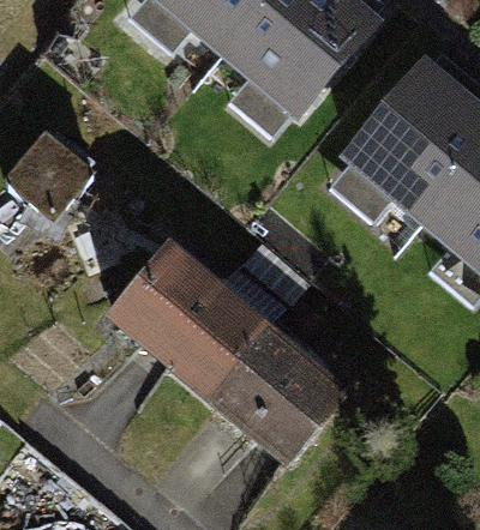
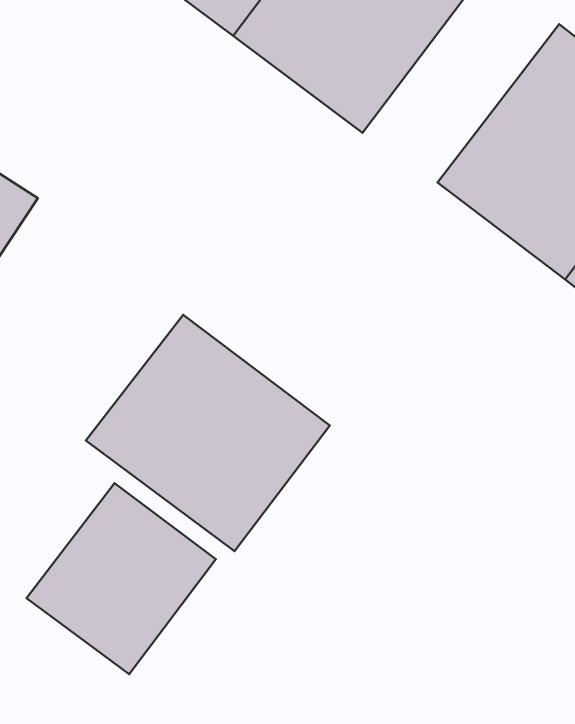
building: [198,313,355,468] -> none
building: none -> [26,483,216,674]

